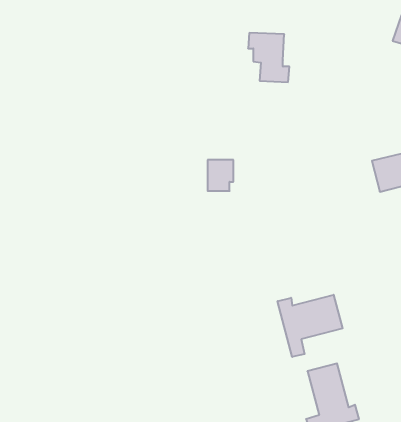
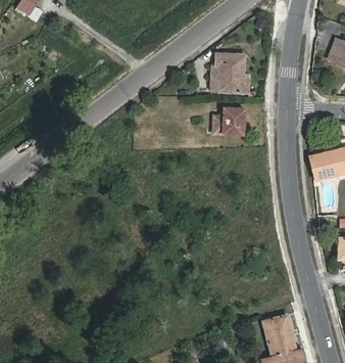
building: [208,160,233,191] -> [224,109,244,134]
building: [278,295,343,357] -> none

